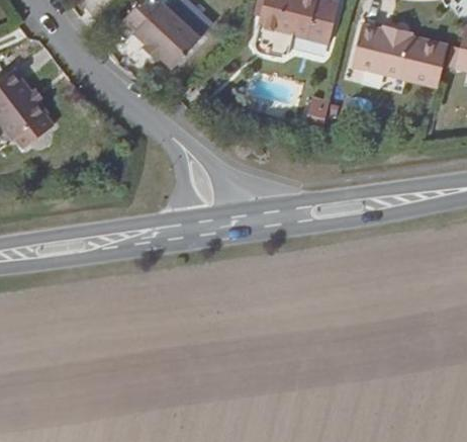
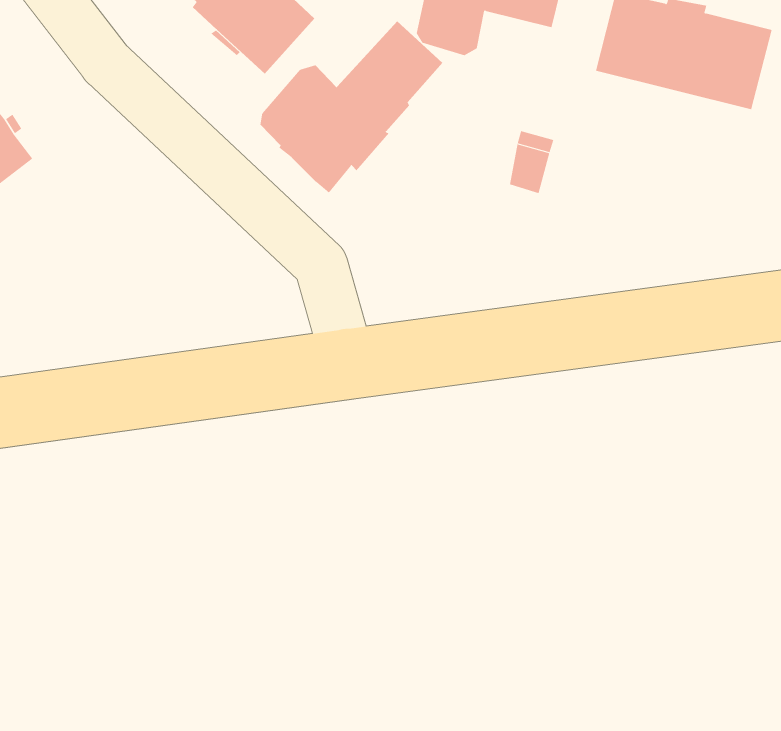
building: none -> [260,20,443,194]

